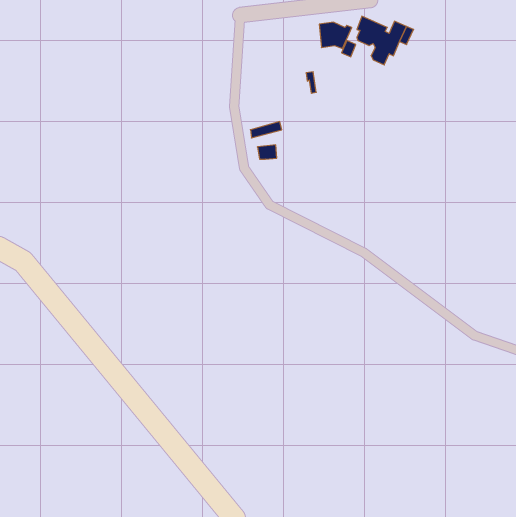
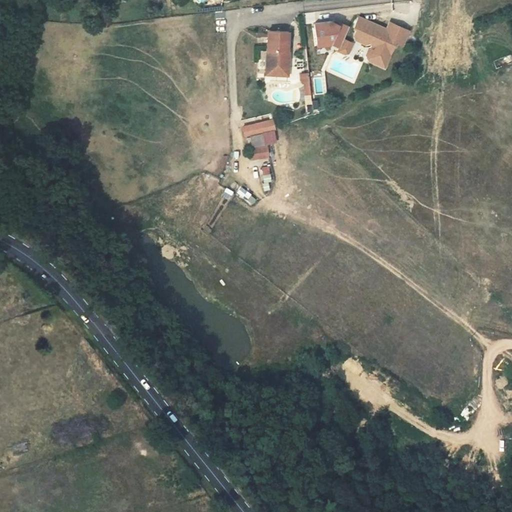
building: none -> [267,34,289,73]

